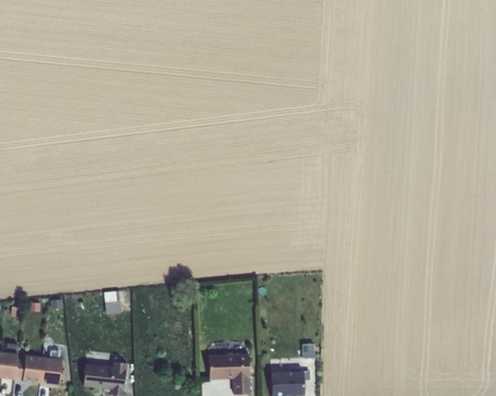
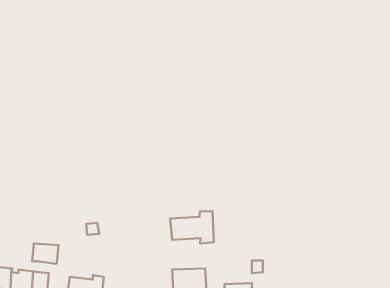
building: none -> [170,211,214,244]
building: none -> [32,243,58,264]

